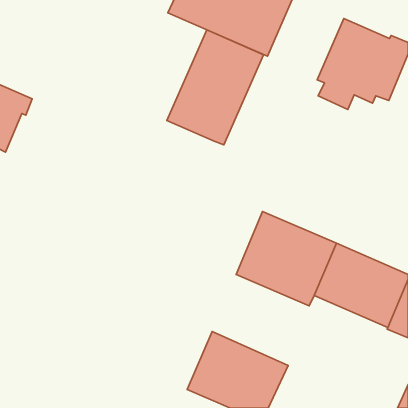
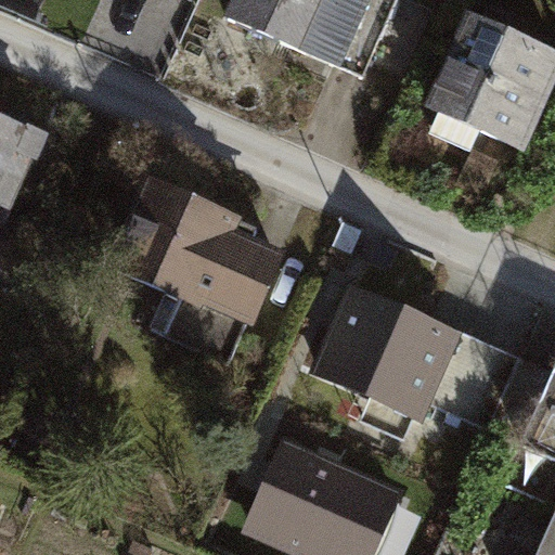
building: [167,30,263,145] -> none
building: none -> [115,181,274,363]

